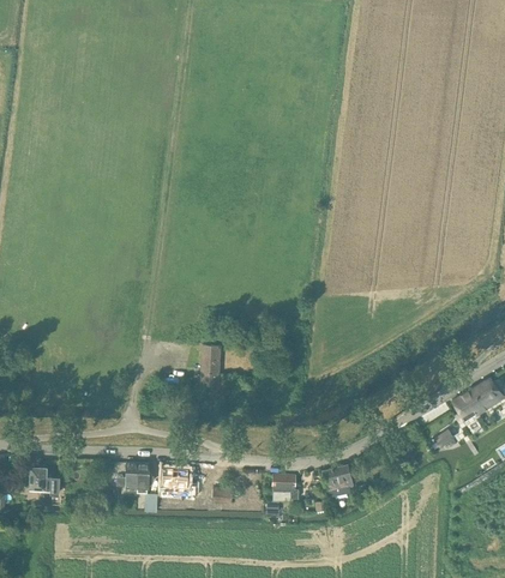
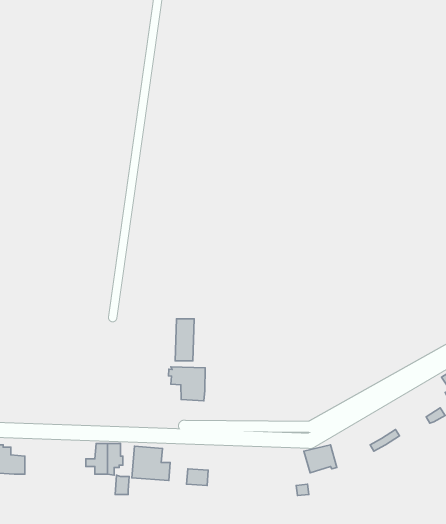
building: none -> [168,367,205,401]
building: [273,474,299,501] -> none

